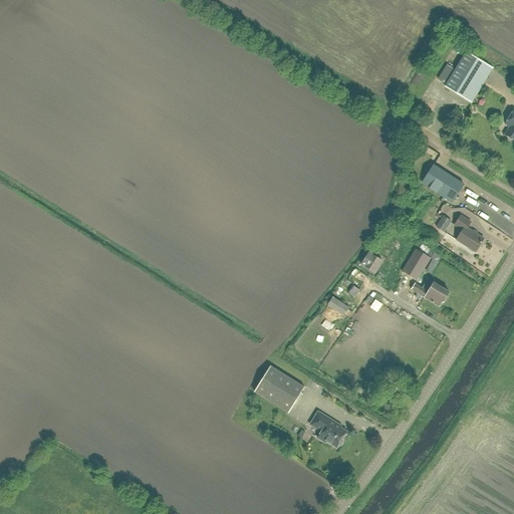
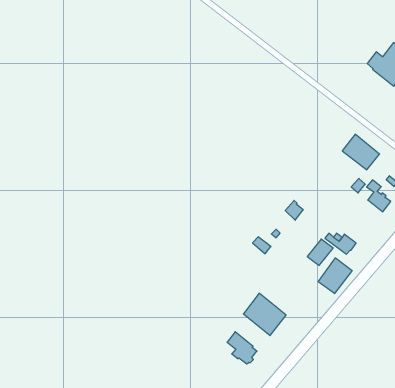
building: [402,248,431,279] -> [307,239,333,265]
building: none -> [318,258,352,294]
building: [254,364,304,413] -> [243,293,286,336]

